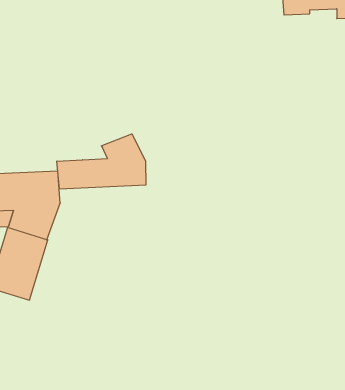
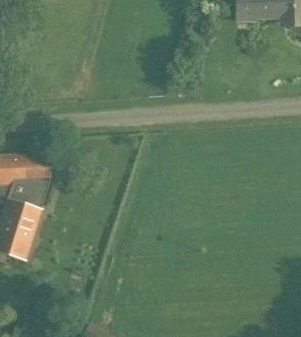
building: [57,134,146,189] -> none

